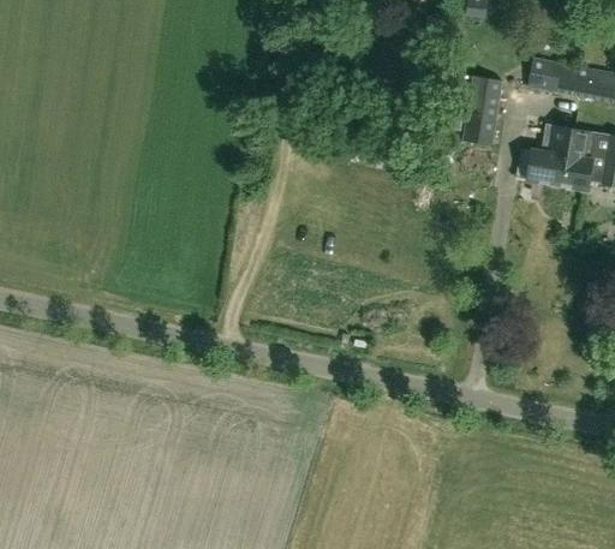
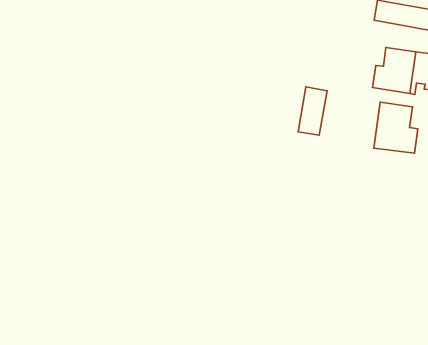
building: [462,74,503,143] -> [298,87,327,135]
building: none -> [374,102,418,153]

